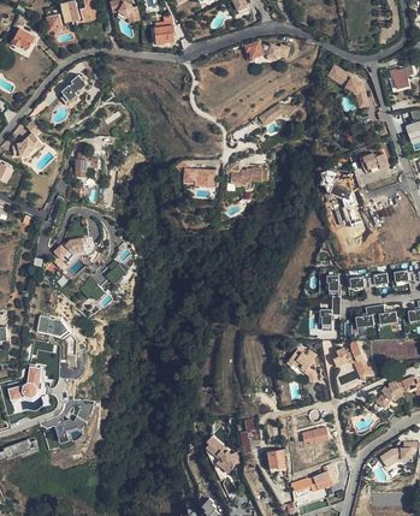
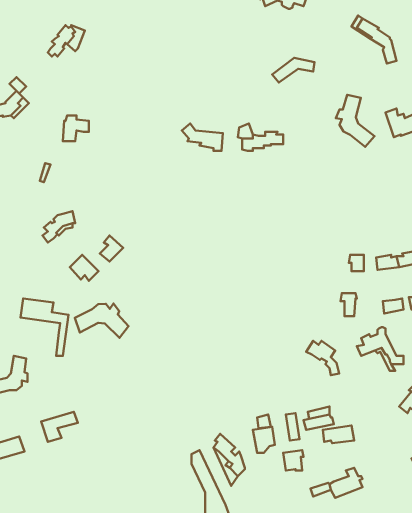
building: none -> [336,95,374,147]
building: none -> [75,303,129,338]

